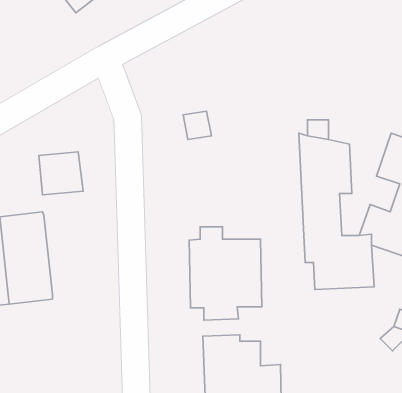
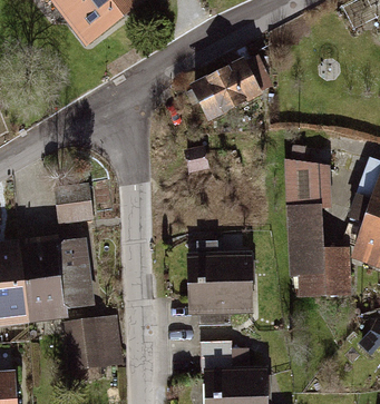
building: none -> [185,50,271,121]
building: none -> [56,235,91,309]
building: none -> [62,314,119,368]

